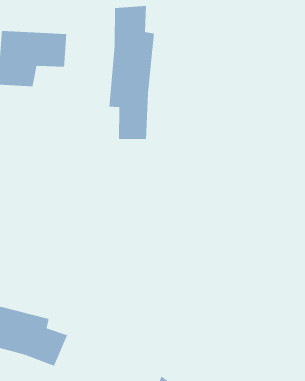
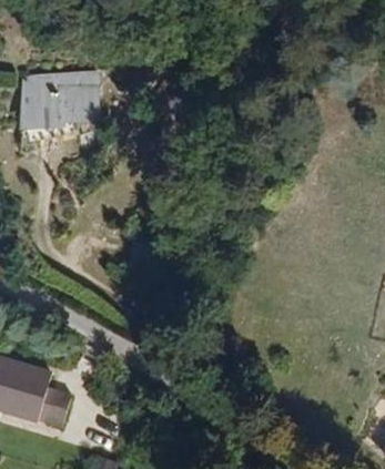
building: [109,5,155,140] -> none

